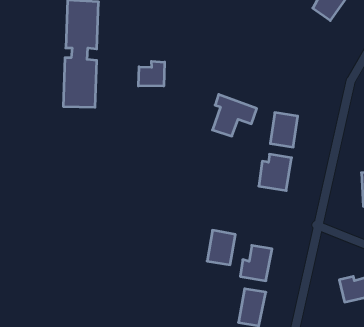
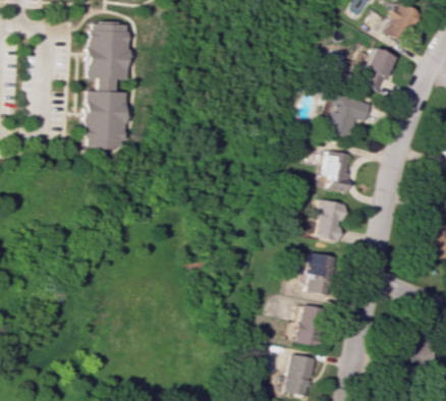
building: none -> [355,46,402,95]
building: [138,61,165,86] -> none
building: [212,94,257,136] -> [330,91,381,138]
building: [207,230,235,265] -> [303,252,336,292]

